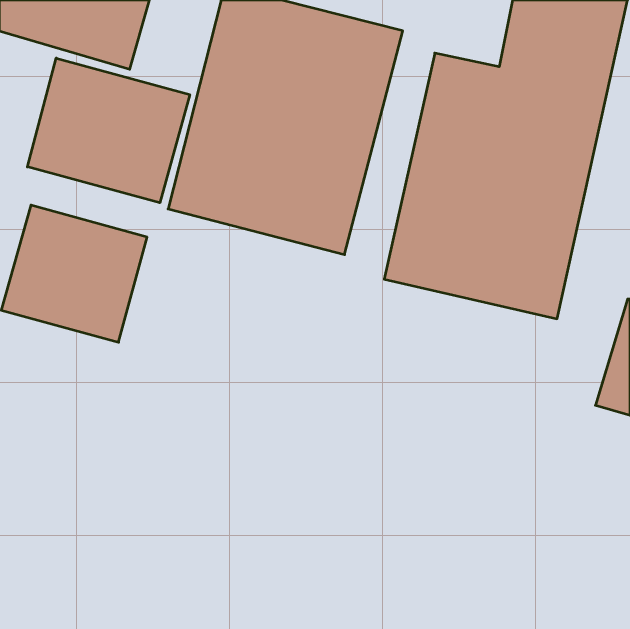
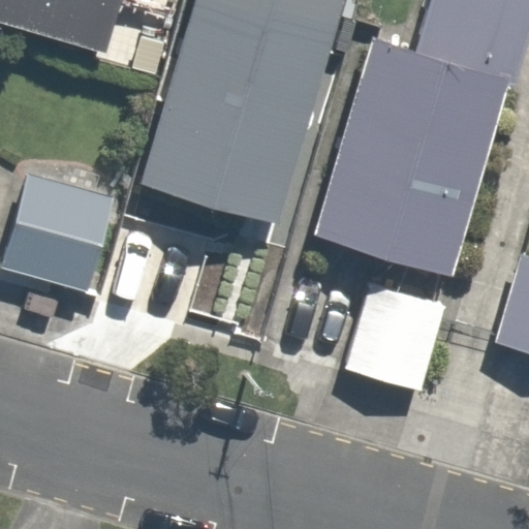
building: [27,58,190,203] -> none
building: none -> [341,280,444,388]

